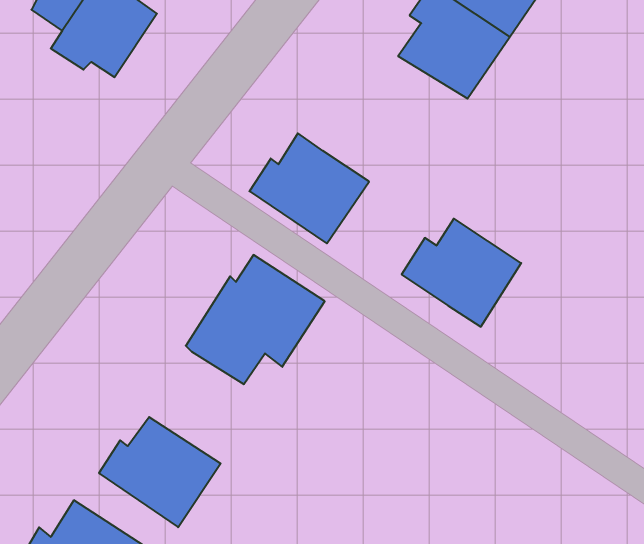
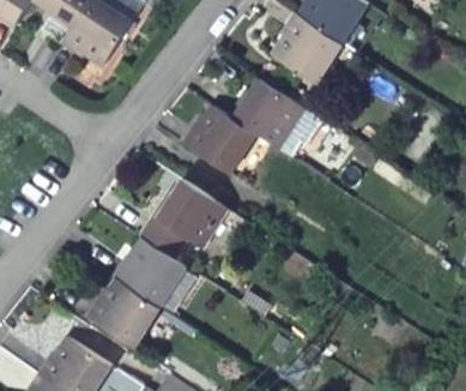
building: [402,219,521,327] -> [226,79,301,146]
building: none -> [114,239,190,308]

